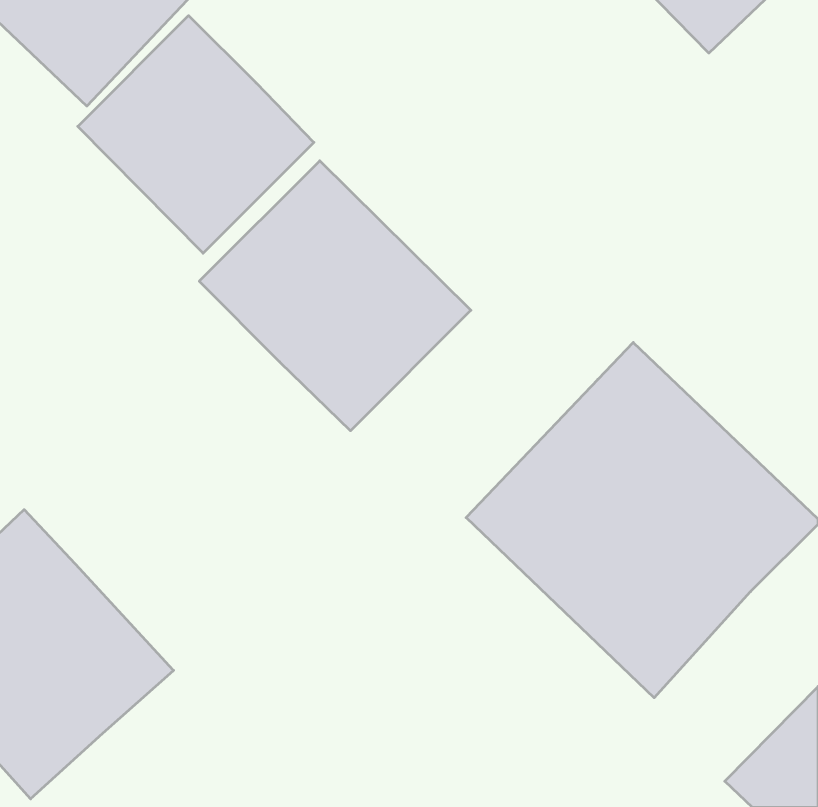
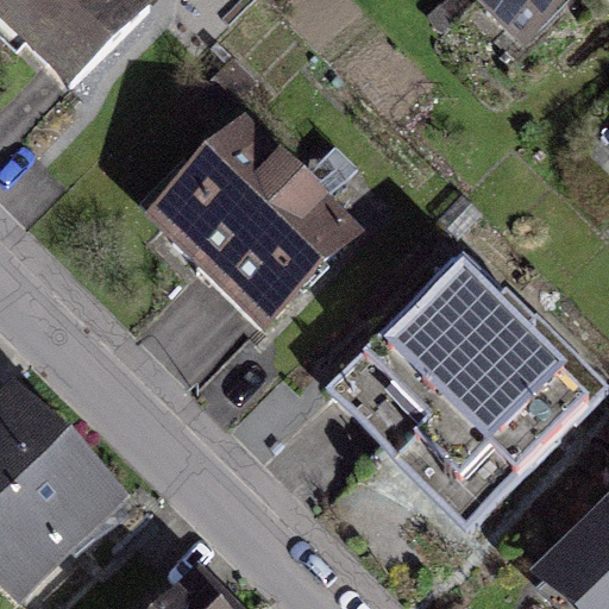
building: [78,16,314,253] -> none

